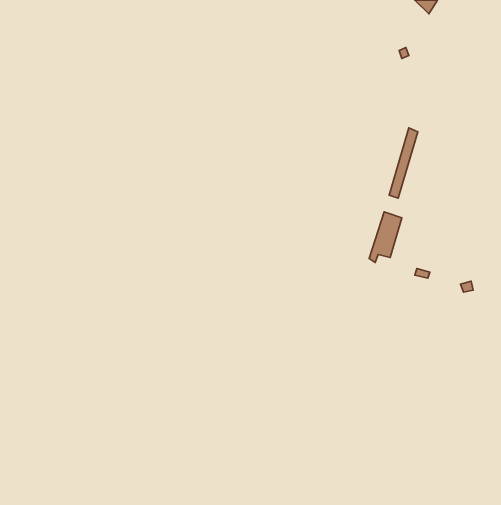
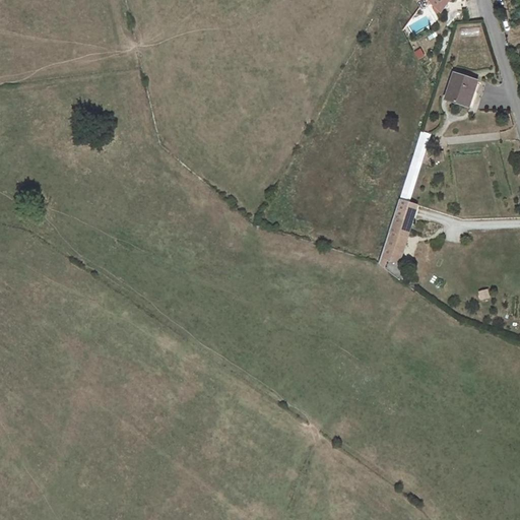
building: none -> [446,70,477,101]

